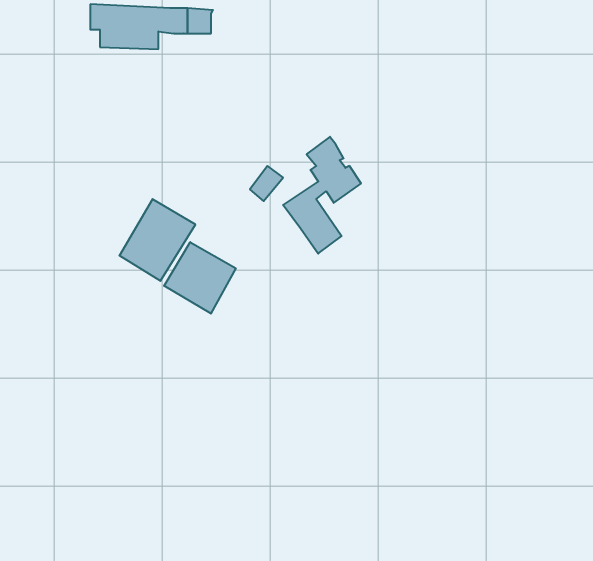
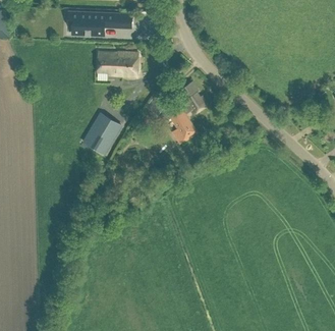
building: none -> [98,51,138,77]
building: [164,242,236,314] -> none

